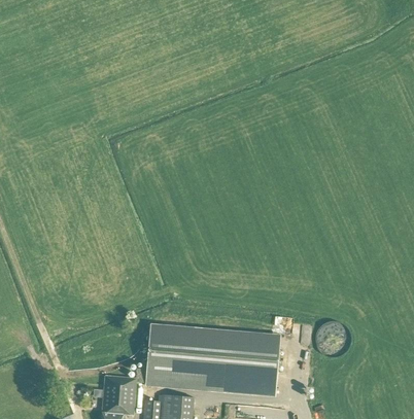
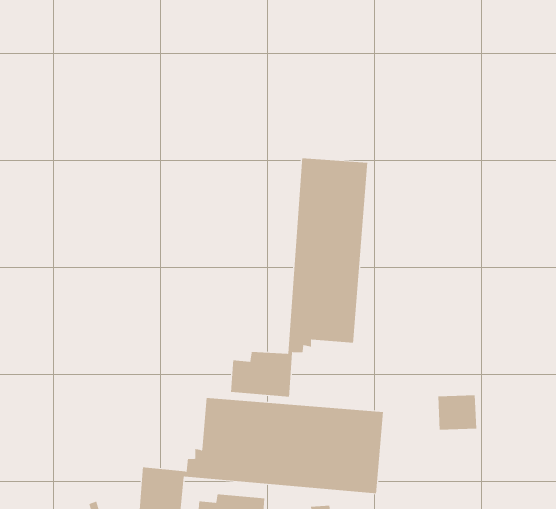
building: none -> [230,158,368,397]

